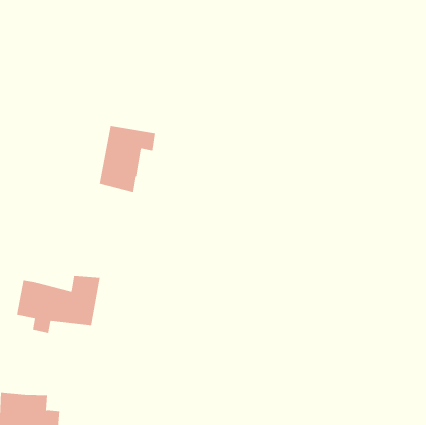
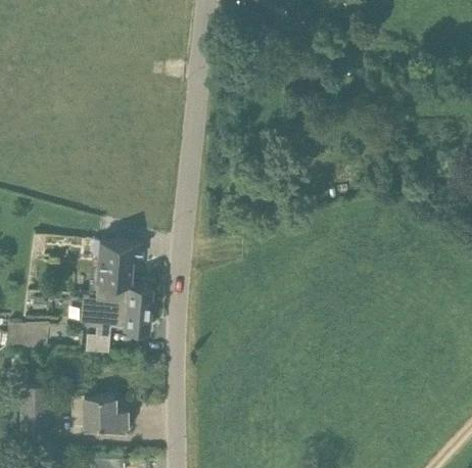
building: [99,126,156,193] -> [95,240,142,298]

